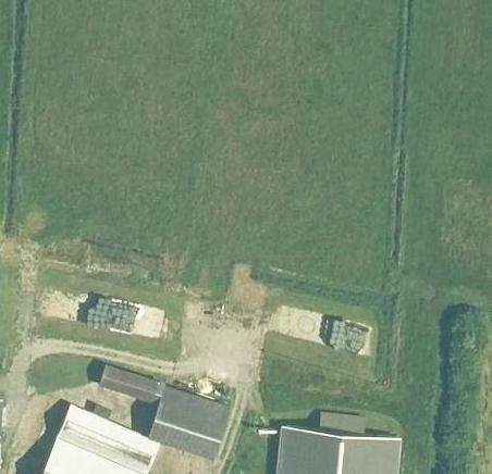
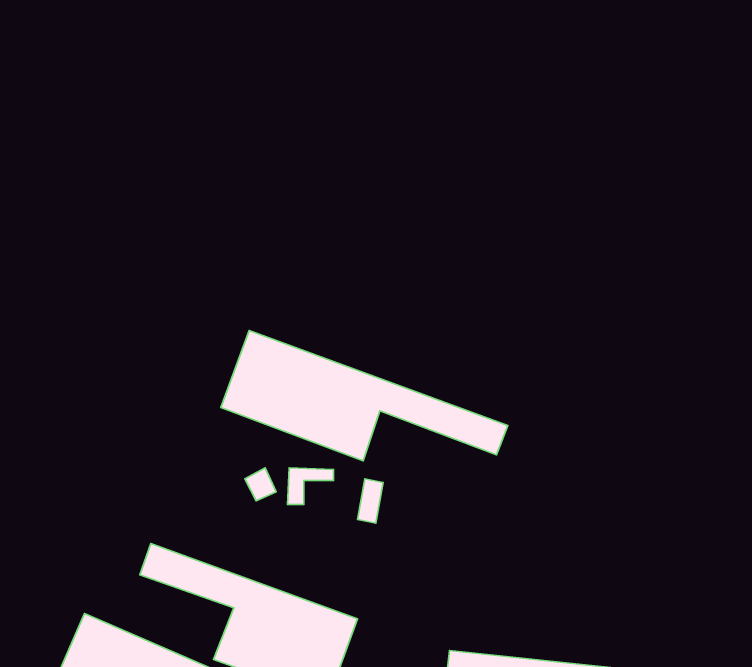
building: none -> [221,331,508,461]

